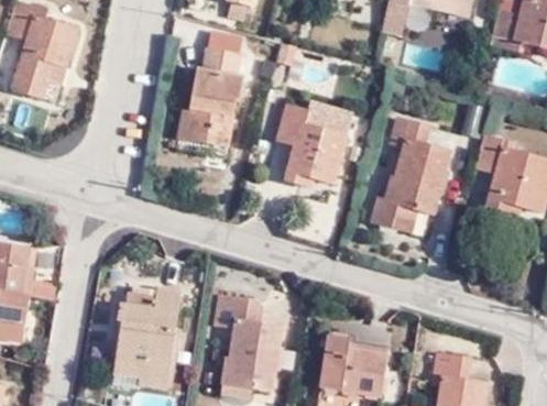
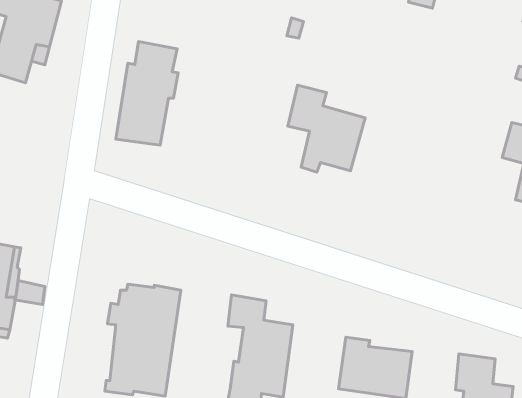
building: [182,46,239,141] -> [116,42,178,145]
building: [375,116,452,234] -> none

